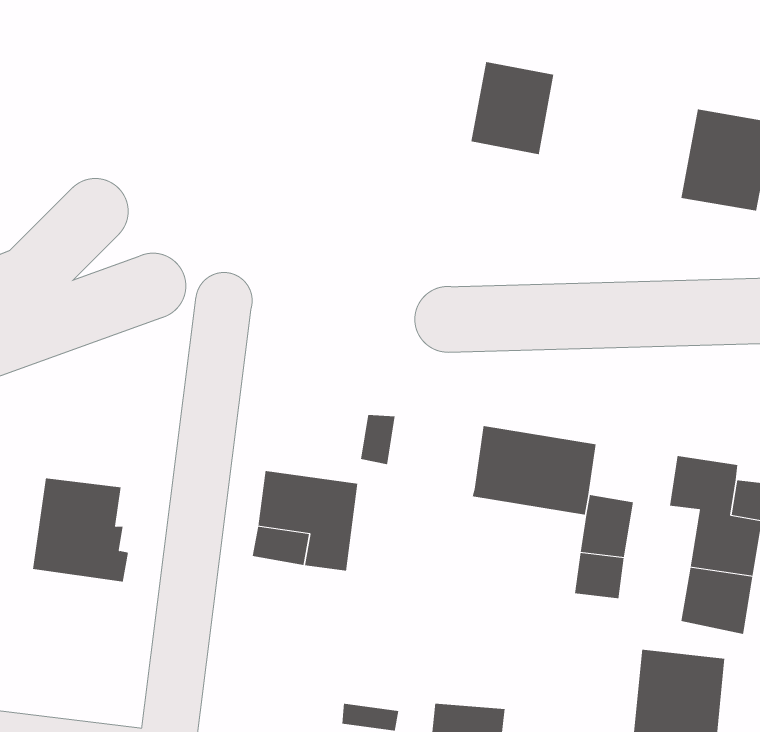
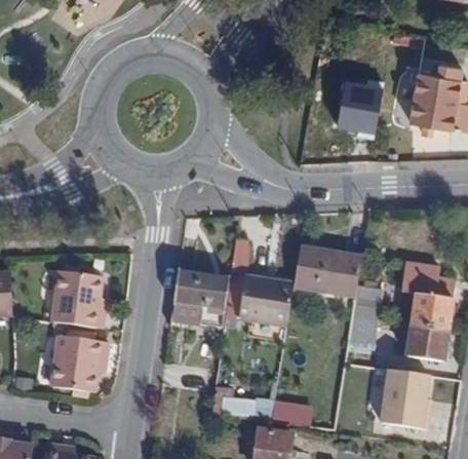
building: [470,61,554,155] -> [335,80,381,131]
building: none -> [237,272,295,322]
building: none -> [50,338,108,394]

